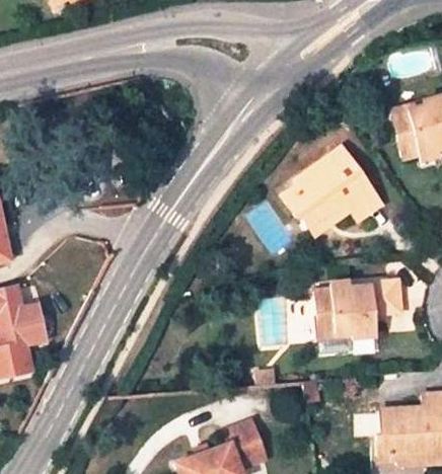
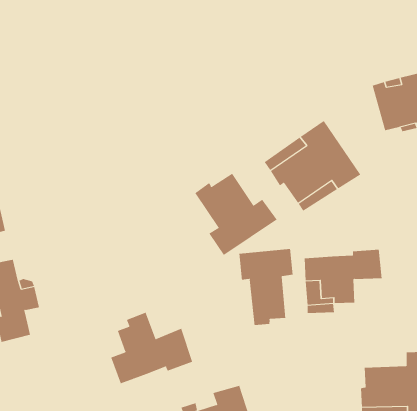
building: none -> [195,173,277,256]
building: none -> [239,248,293,326]
building: none -> [110,312,193,384]

